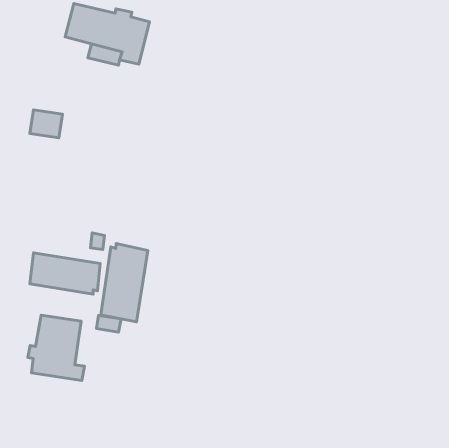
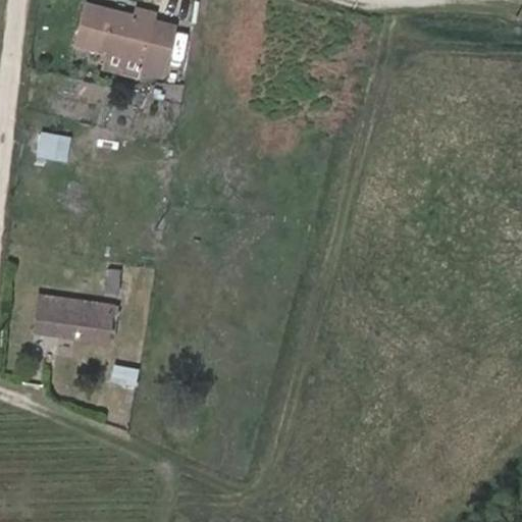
building: [101,244,148,322] -> none
building: [28,315,85,381] -> none

